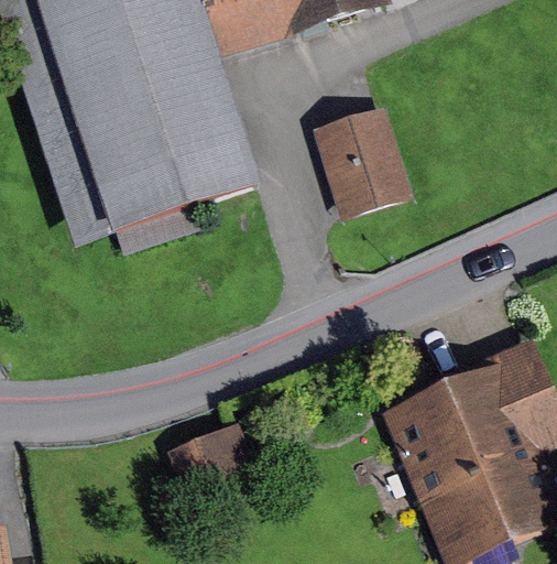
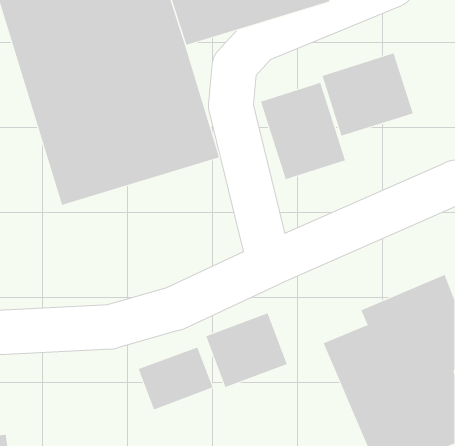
building: none -> [322,53,413,137]
building: none -> [206,312,288,388]

